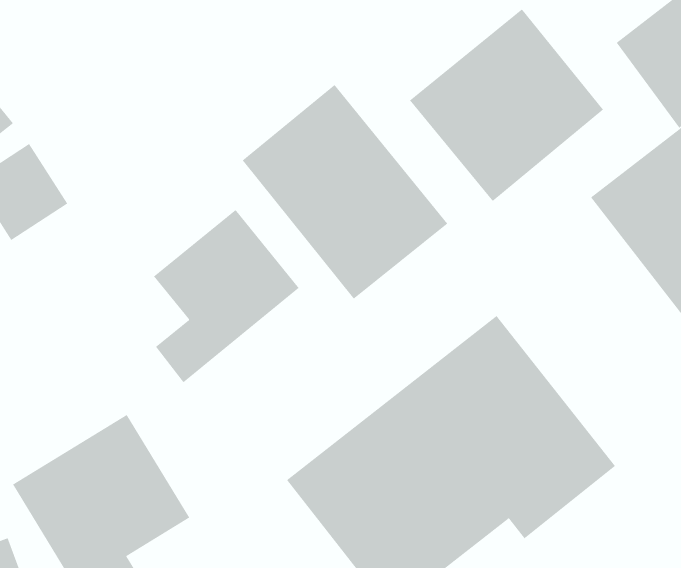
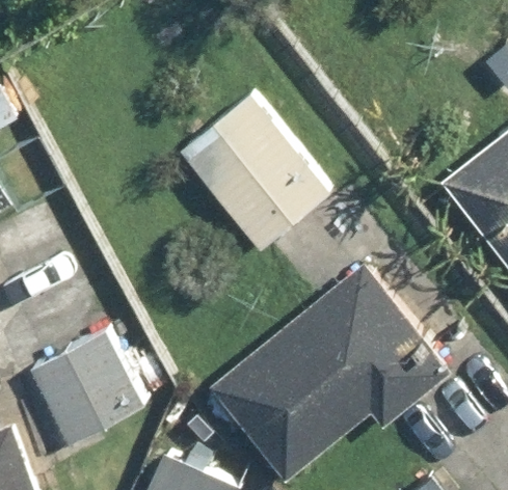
building: [409,9,604,202] -> none
building: [153,209,299,383] -> none

